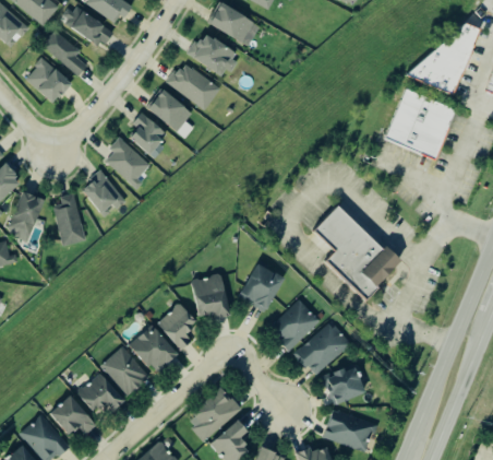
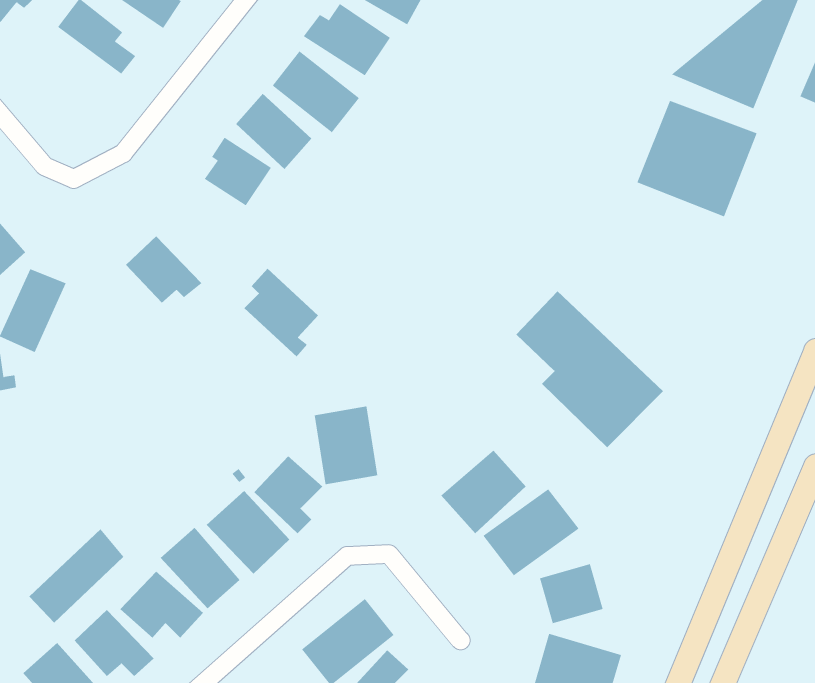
building: [25,58,72,103] -> none
building: [105,137,149,190] -> [244,268,319,358]
building: [52,192,86,246] -> none
building: [238,264,282,309] -> none
building: none -> [28,529,124,624]

